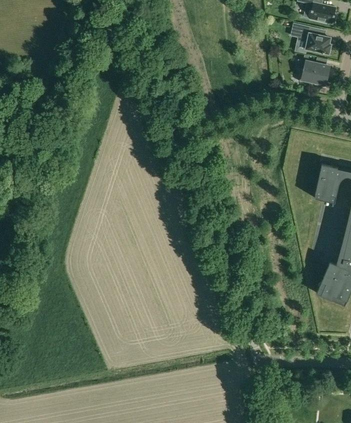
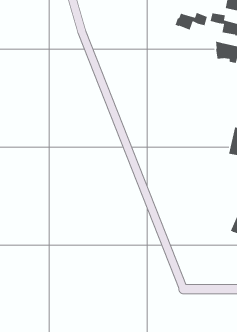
building: none -> [174,12,208,31]

